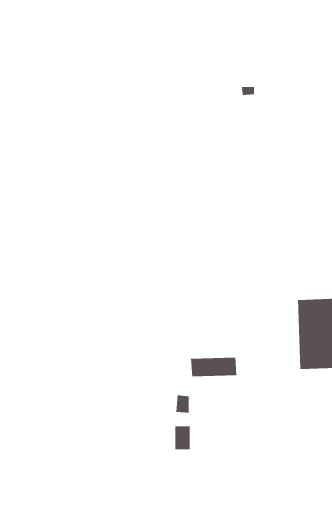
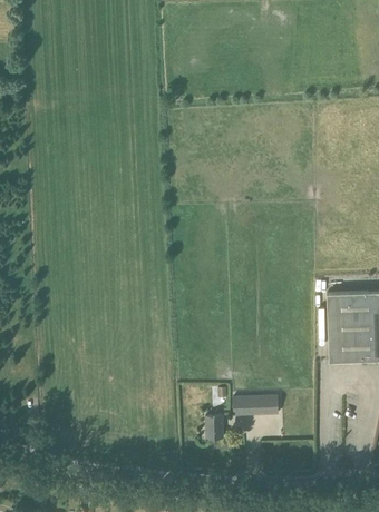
building: [190,357,237,377] -> [232,396,278,415]

